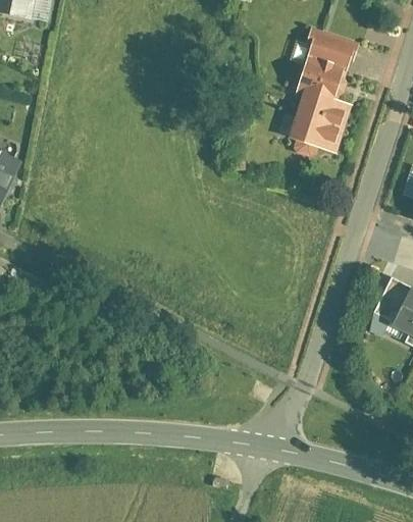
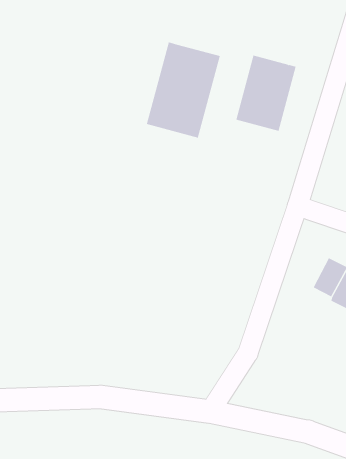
building: [305,29,354,82] -> none
building: none -> [146,41,220,139]

